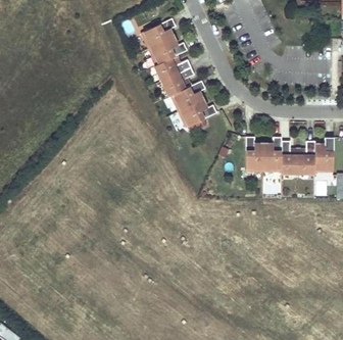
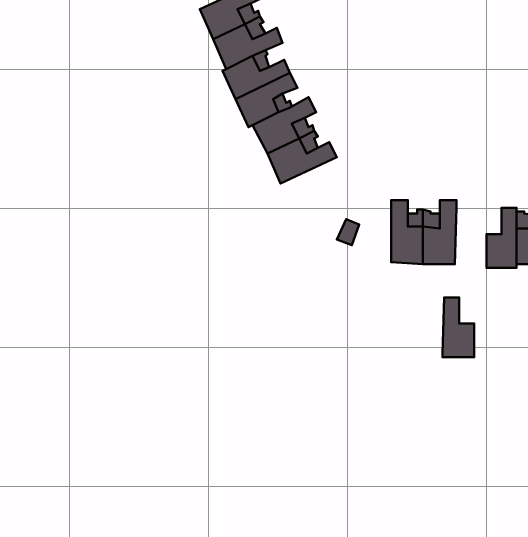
building: [281,141,298,174] -> [442,297,474,357]

